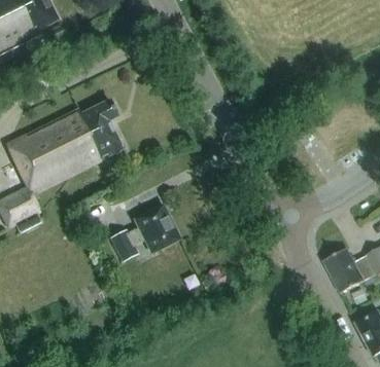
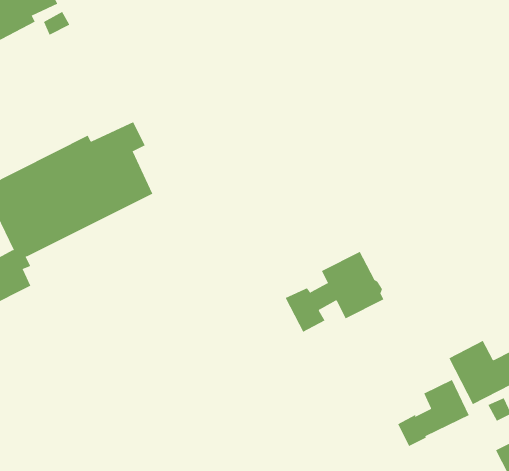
building: [110,205,178,260] -> [285,251,384,333]
building: none -> [397,379,470,447]

